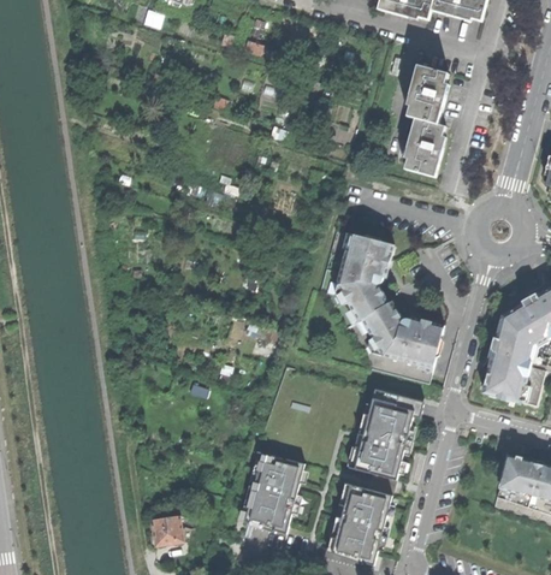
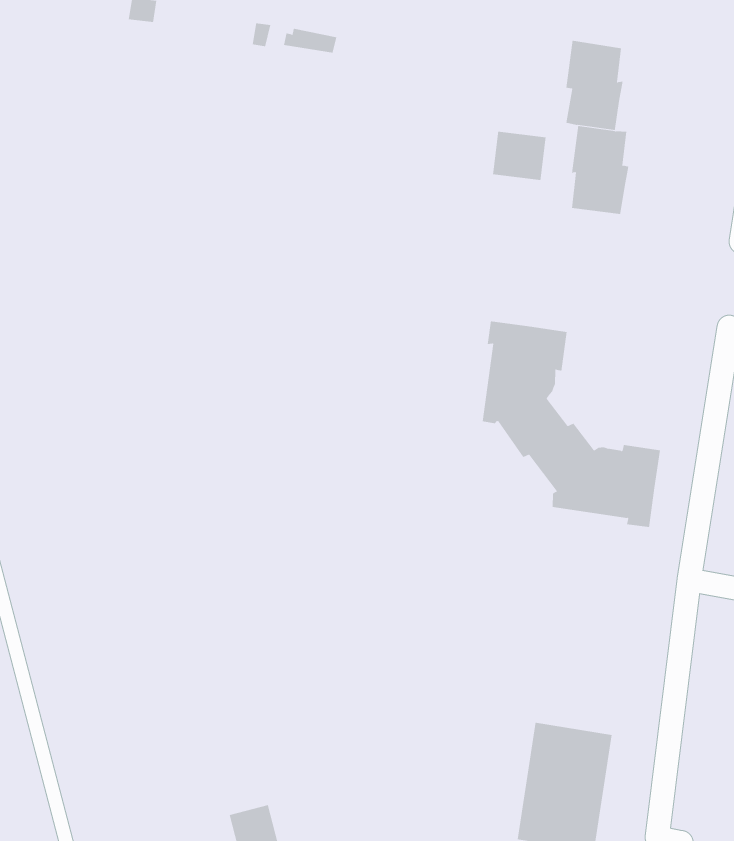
building: none -> [492,131,546,181]
building: [352,395,420,479] -> none
building: [239,451,307,535] -> none

